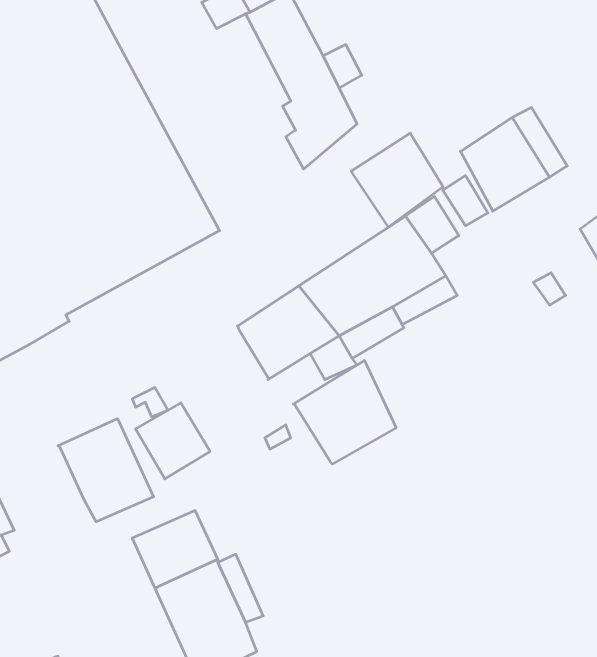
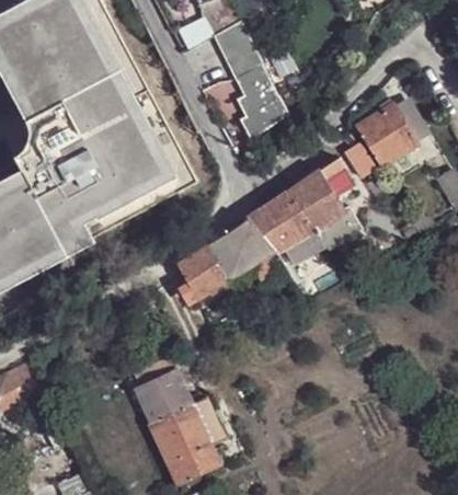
building: [351,133,443,227] -> none
building: [293,360,396,464] -> none
building: [136,403,210,479] -> [175,248,226,299]
building: [58,419,154,522] -> none

